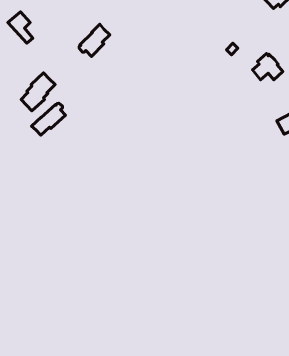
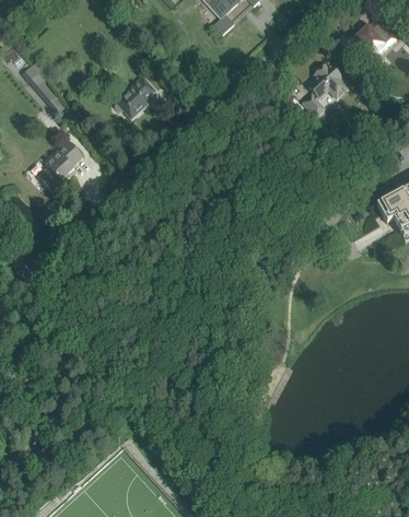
building: [252,53,283,80] -> [307,62,348,97]
building: [31,103,65,135] -> none

